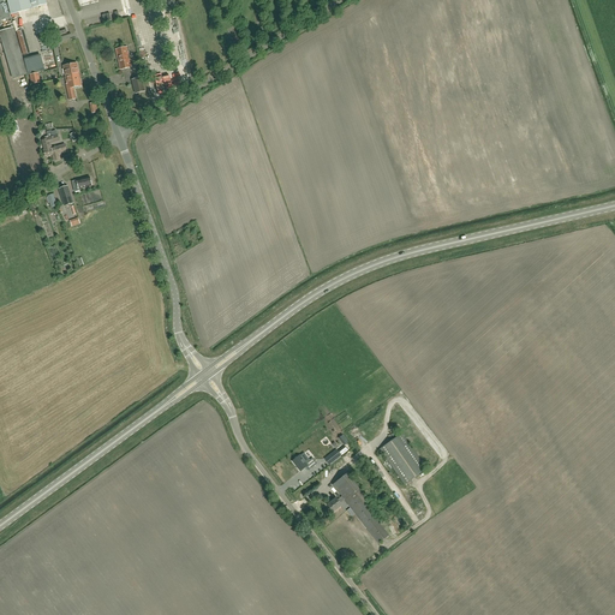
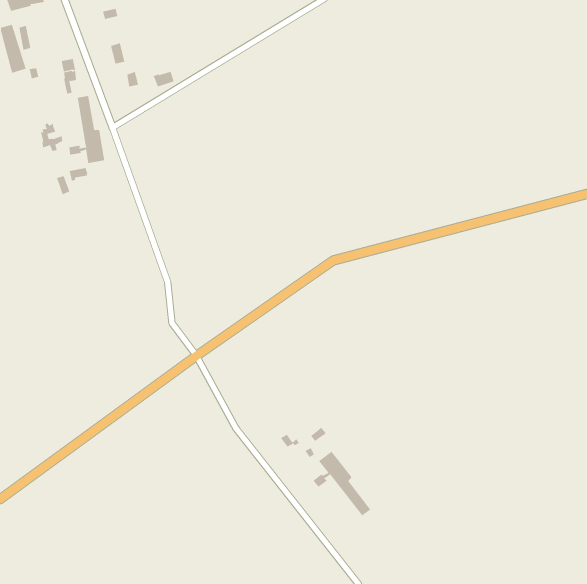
building: none -> [69,95,105,164]
building: [381,432,425,482] -> none

